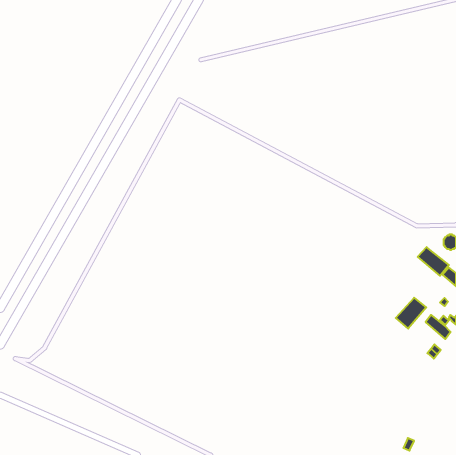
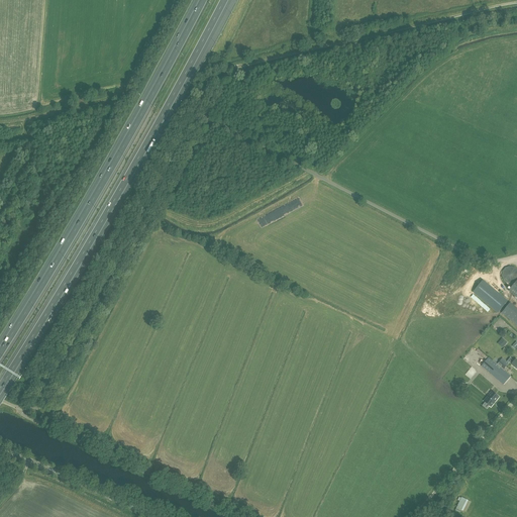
building: [396,298,426,329] -> none

